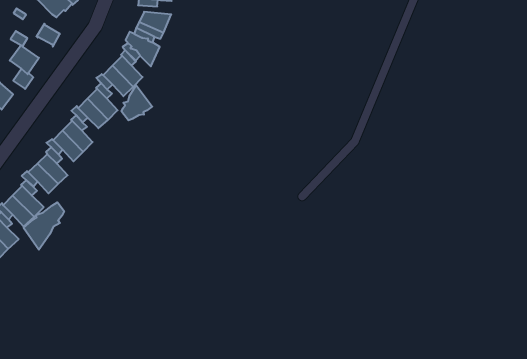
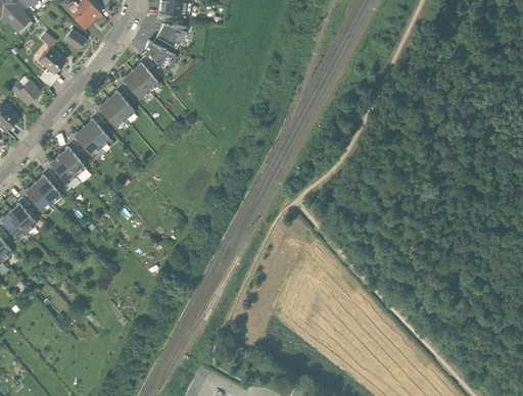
building: [122,85,152,120] -> none
building: [24,202,64,250] -> none

